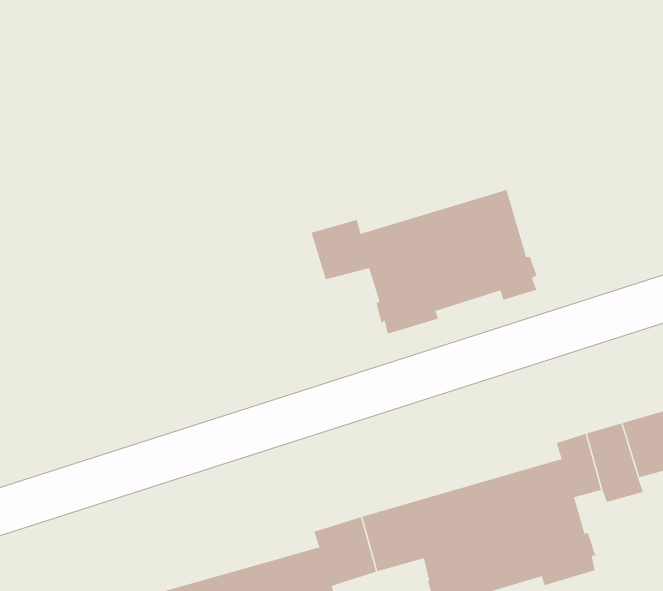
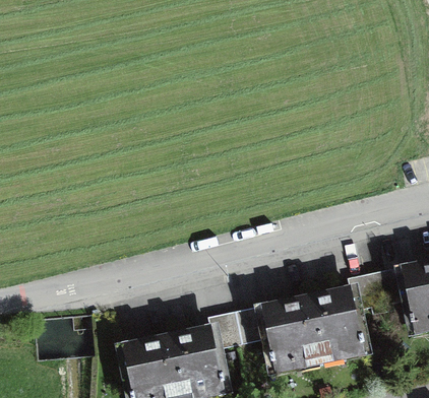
building: [311,189,537,334] -> none

